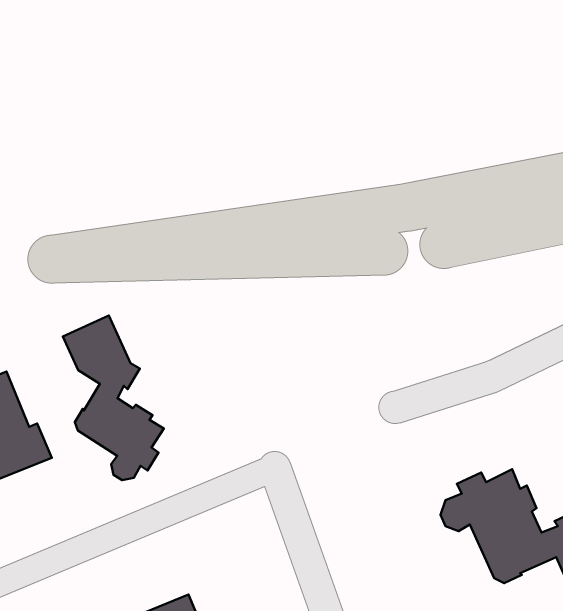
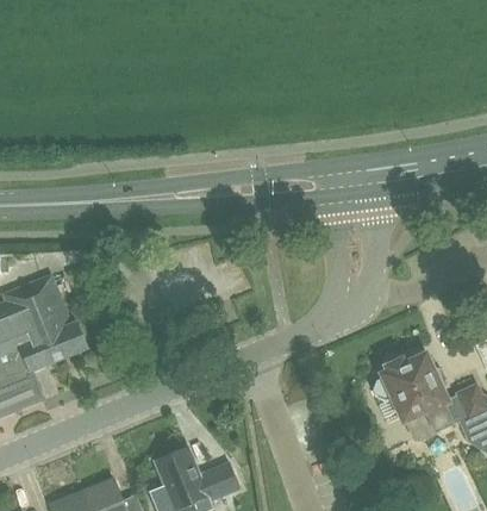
building: [63,316,164,480] -> none

